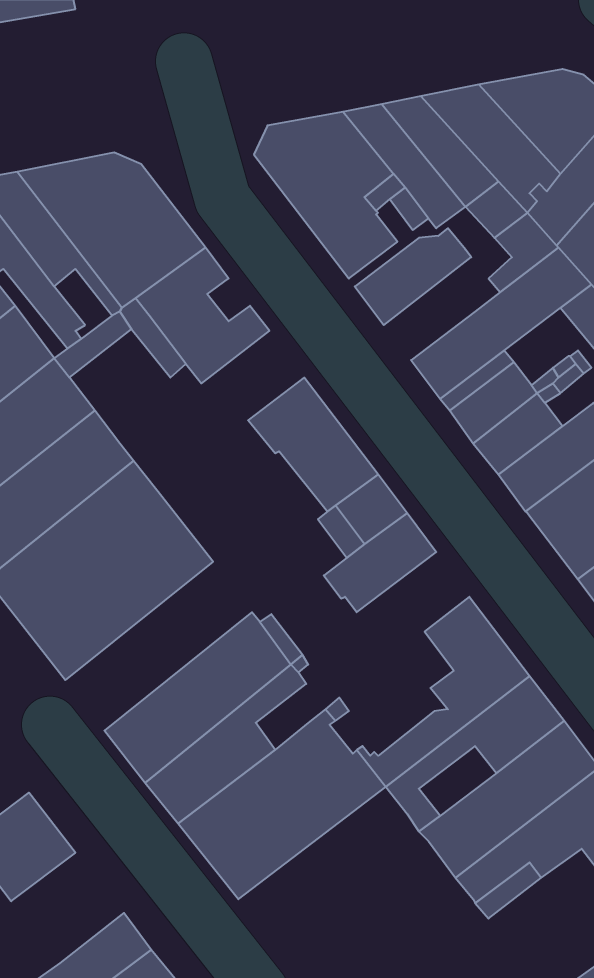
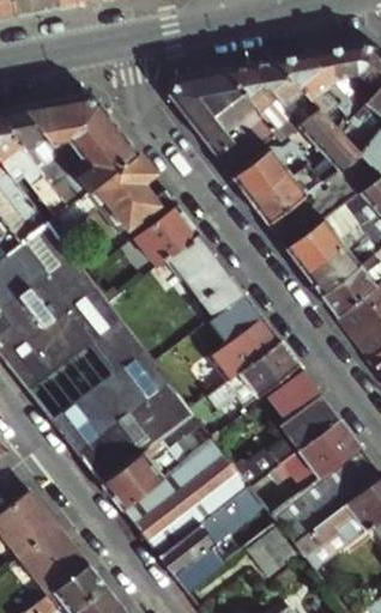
building: none -> [249,159,321,223]
building: none -> [134,205,200,267]
building: none -> [210,341,300,409]
building: none -> [53,347,168,451]
building: none -> [159,486,264,590]
building: none -> [244,522,296,575]
building: none -> [19,527,89,595]

